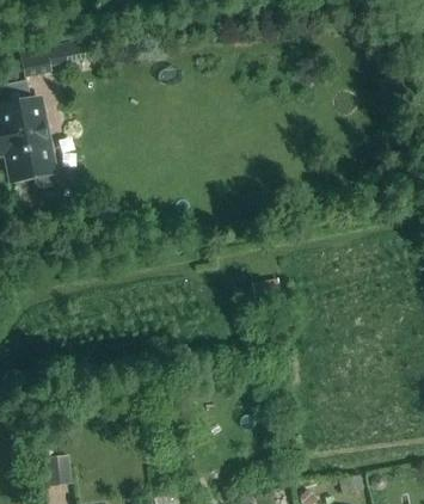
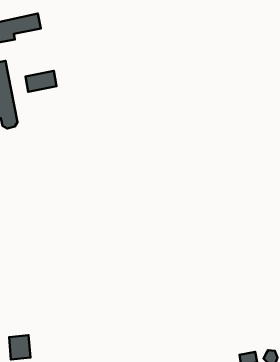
building: none -> [25,71,57,92]

